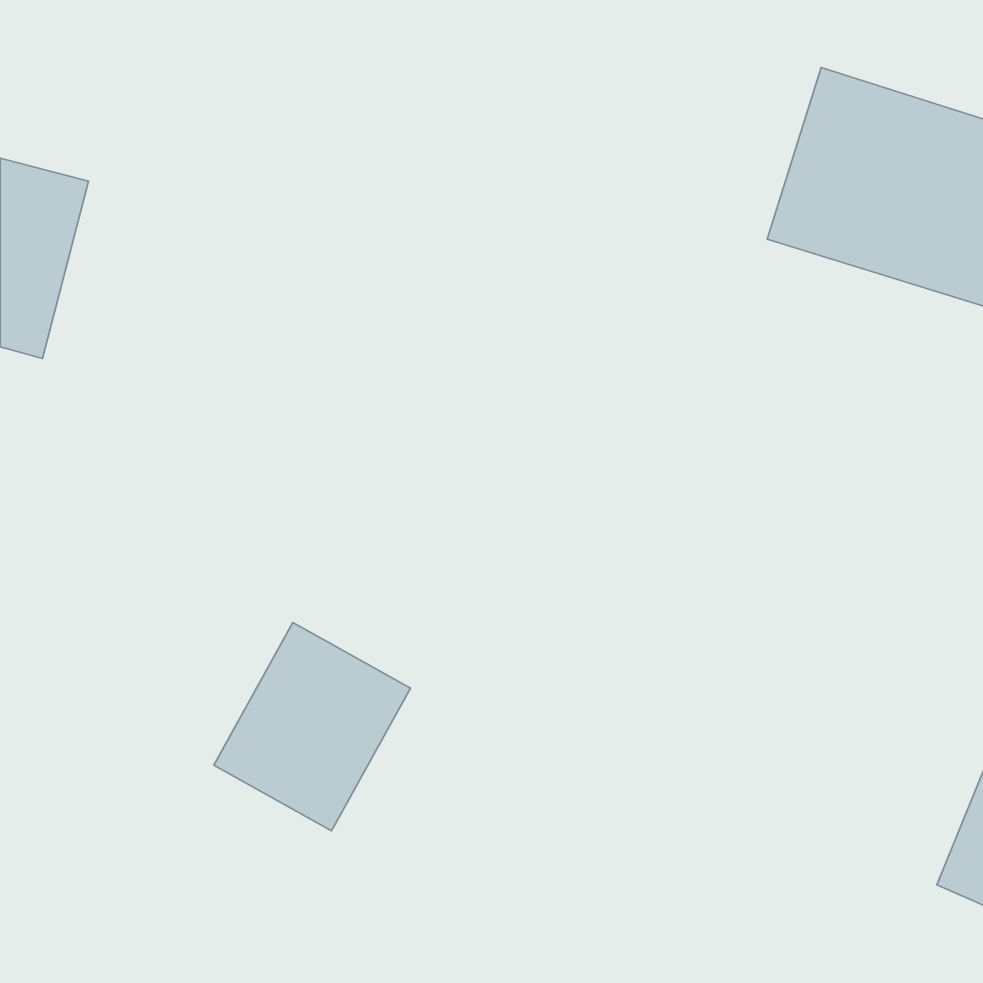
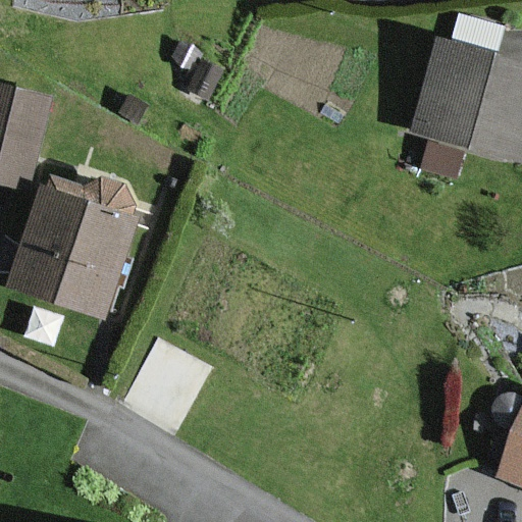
building: none -> [6,184,140,318]

